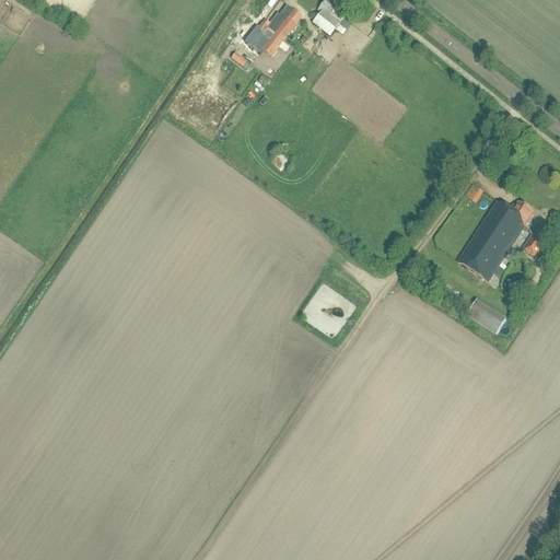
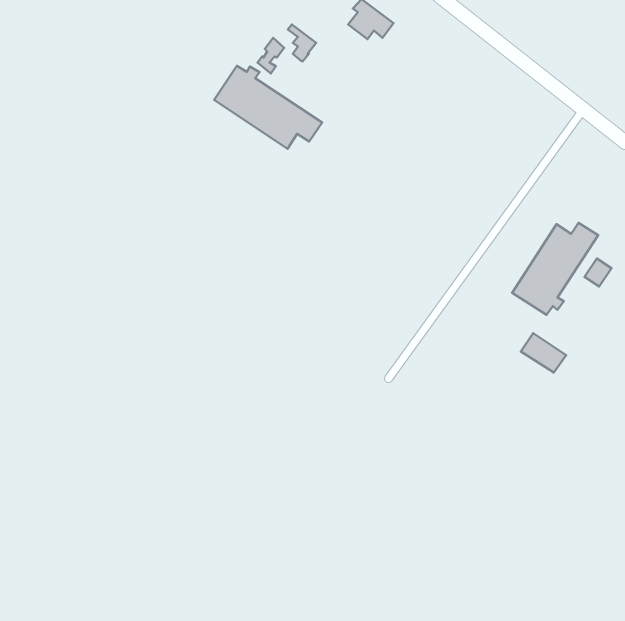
building: [260,5,300,38] -> none
building: none -> [214,66,322,149]

